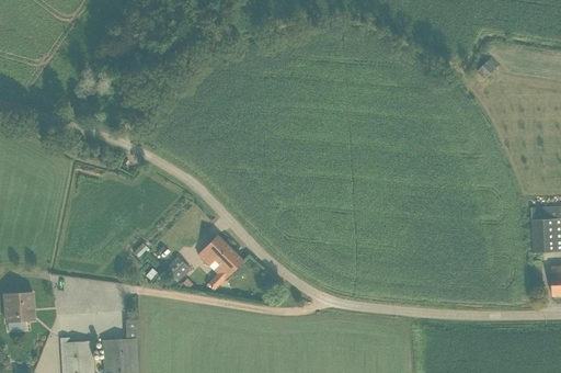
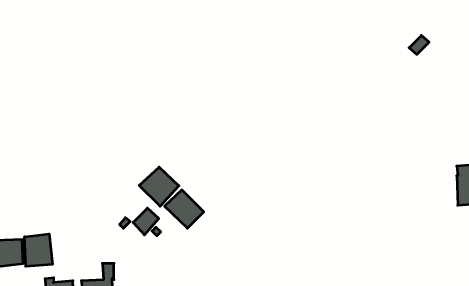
building: none -> [139,167,179,206]
building: none -> [25,234,52,266]

